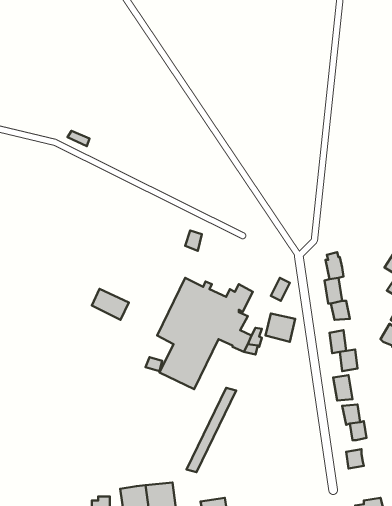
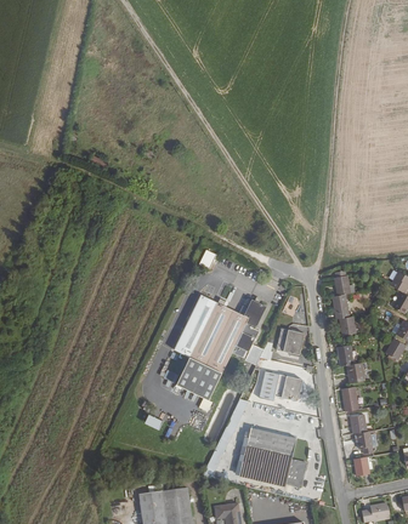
building: [92,289,129,320] -> none
building: none -> [257,371,301,401]
building: none -> [238,427,306,488]

